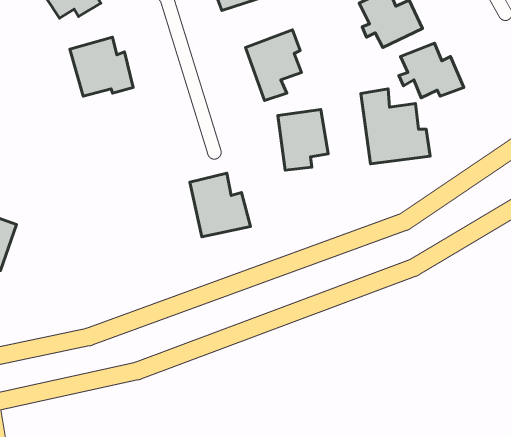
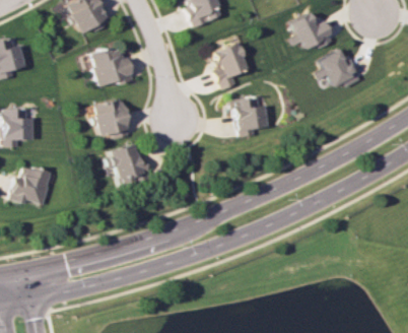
building: [361,89,430,164] -> none
building: none -> [91,97,129,138]
building: [190,173,250,237] -> [109,143,150,187]

